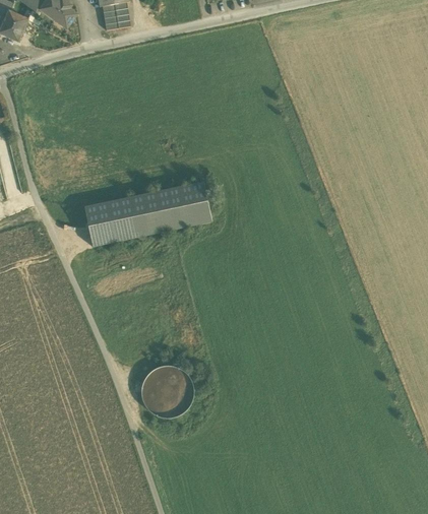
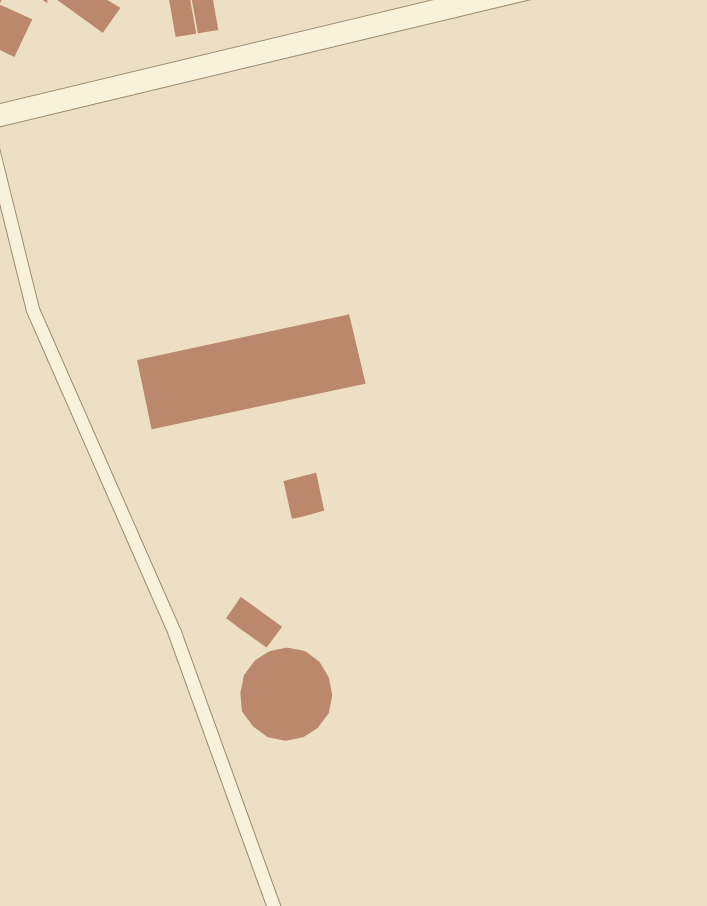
building: none -> [283,472,325,520]
building: none -> [224,596,283,649]

